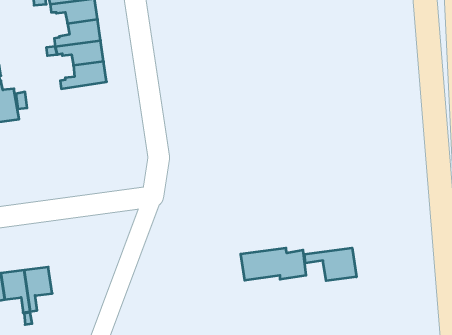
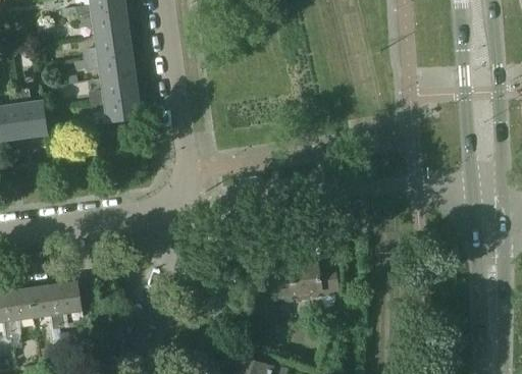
building: none -> [91,97,140,123]
building: [304,248,356,281] -> none

